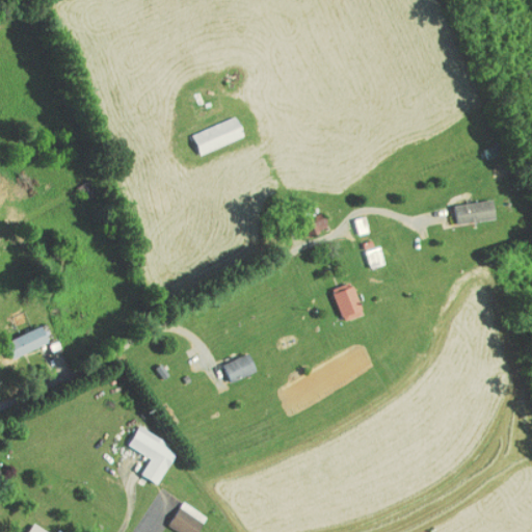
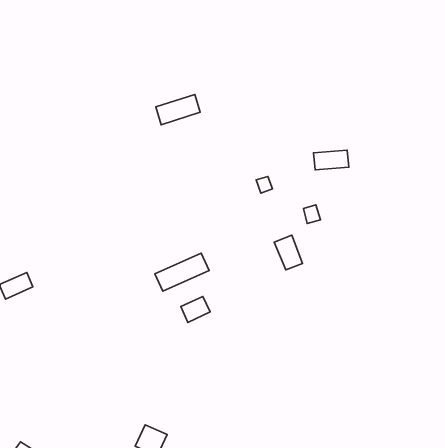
building: [454,202,496,224] -> [313,150,349,170]
building: none -> [155,253,209,291]
building: [129,428,179,485] -> none

